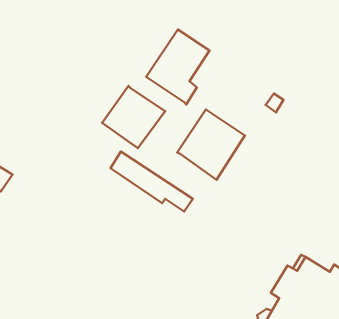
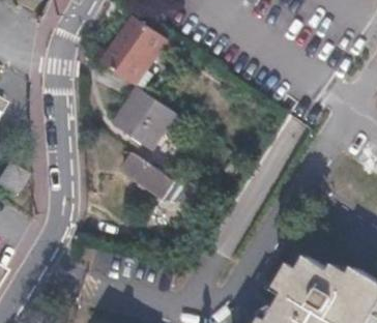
building: [146,29,209,104] -> [98,17,161,90]
building: [177,109,245,180] -> none

